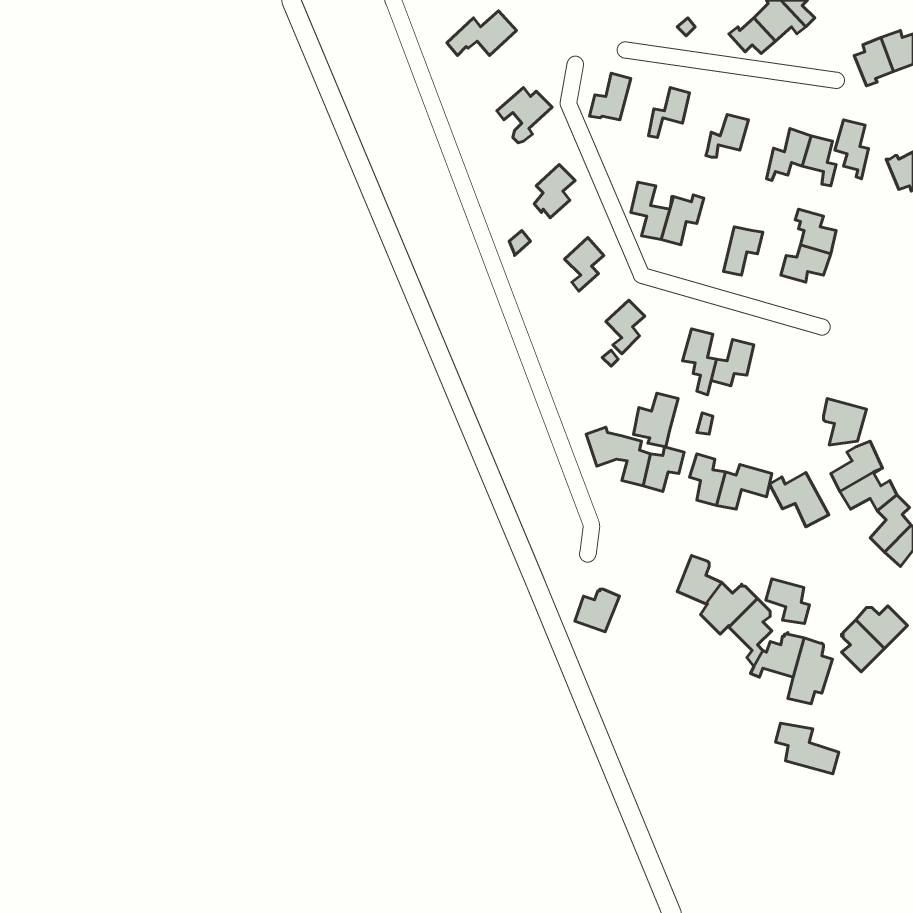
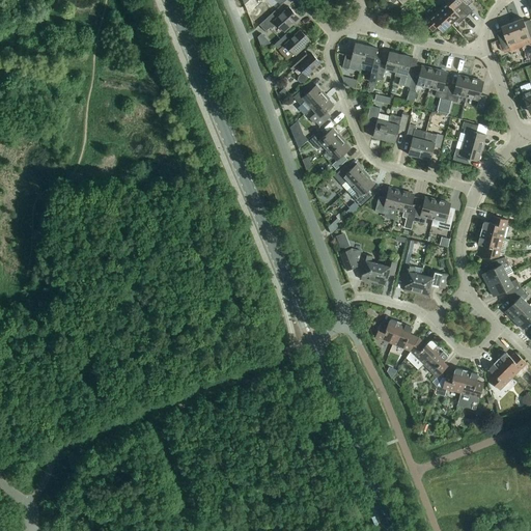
building: none -> [274,30,310,60]
building: none -> [360,46,382,81]
building: none -> [394,54,414,87]
building: [835,120,869,179] -> [429,69,449,104]
building: none -> [294,85,325,108]
building: none -> [406,123,426,158]
building: none -> [310,128,341,150]
building: none -> [334,164,365,187]
building: none -> [431,200,452,230]
building: none -> [480,216,508,237]
building: [634,393,678,447] -> [375,188,401,219]
building: [769,473,829,527] -> none
building: [766,579,810,623] -> none
building: [575,589,619,632] -> [375,318,401,343]
building: [775,723,839,774] -> none

